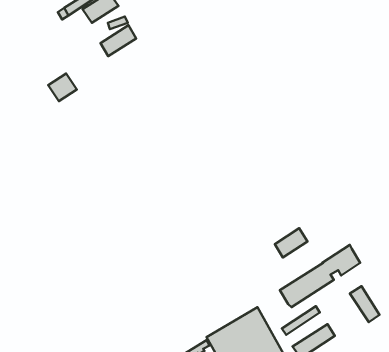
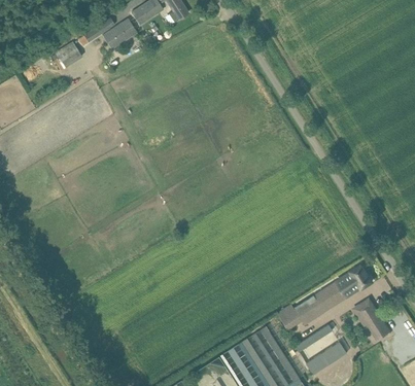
building: [101,25,136,56] -> none
building: [48,74,77,101] -> [54,41,81,68]
building: [275,228,307,258] -> none

